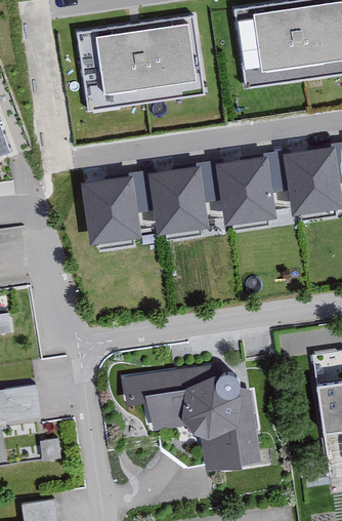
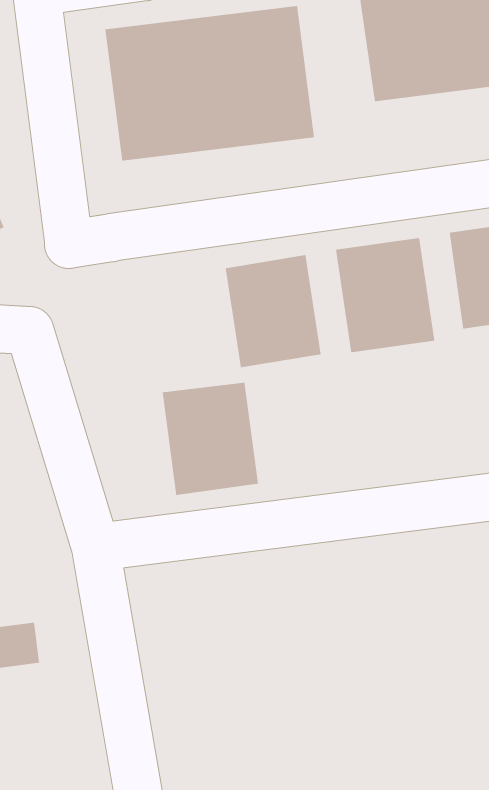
building: [82,178,140,247] -> [162,382,259,496]
building: [120,363,260,470] -> none

